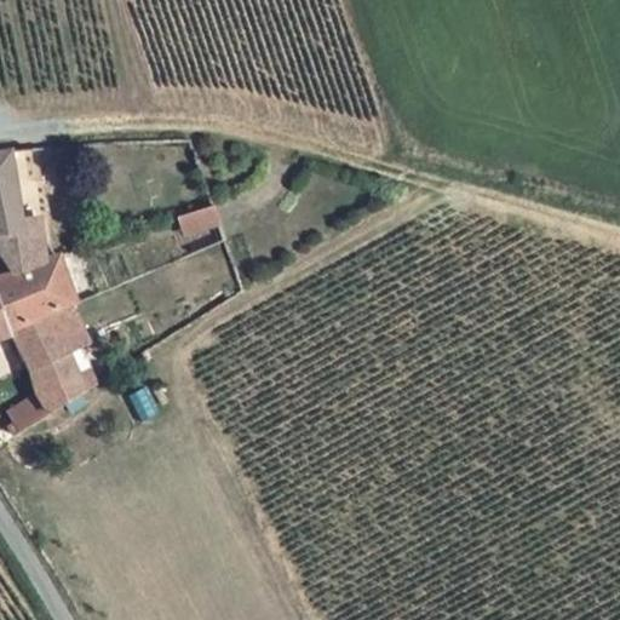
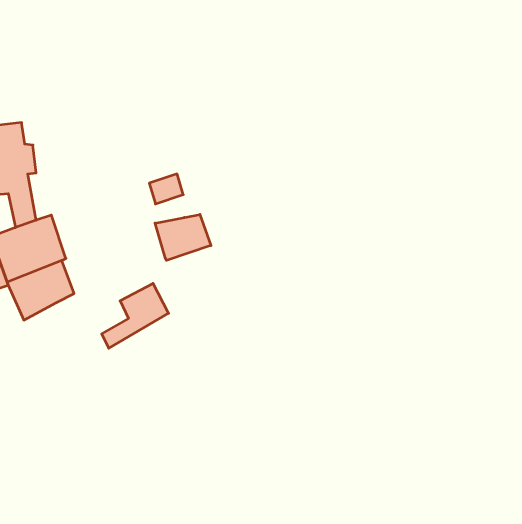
building: none -> [155,214,211,260]
building: [6,356,85,432] -> [102,283,169,348]

